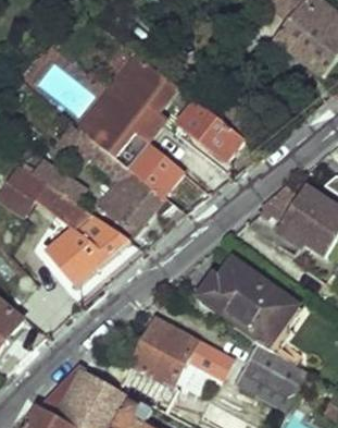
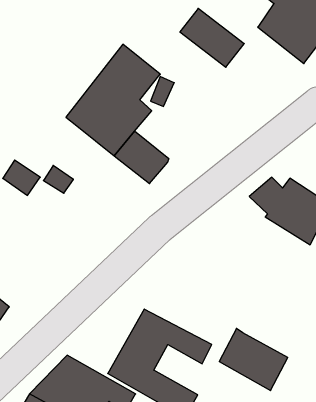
building: [178,100,243,160] -> [180,8,244,67]
building: [80,135,185,233] -> none
building: [42,215,127,286] -> none
building: [200,261,297,345] -> none

